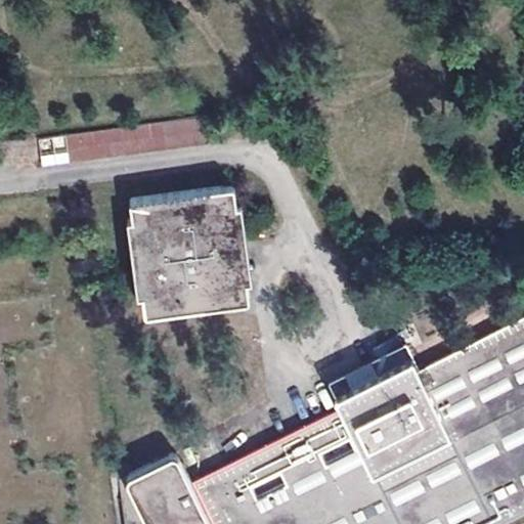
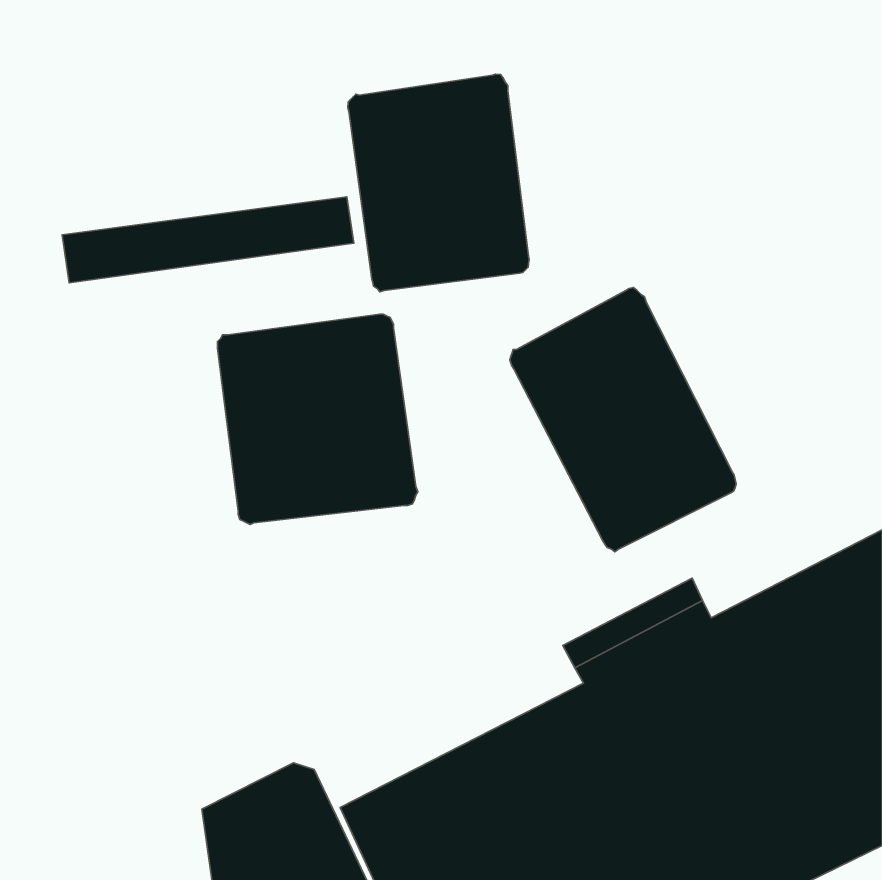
building: none -> [348,74,529,292]
building: none -> [510,288,736,552]

